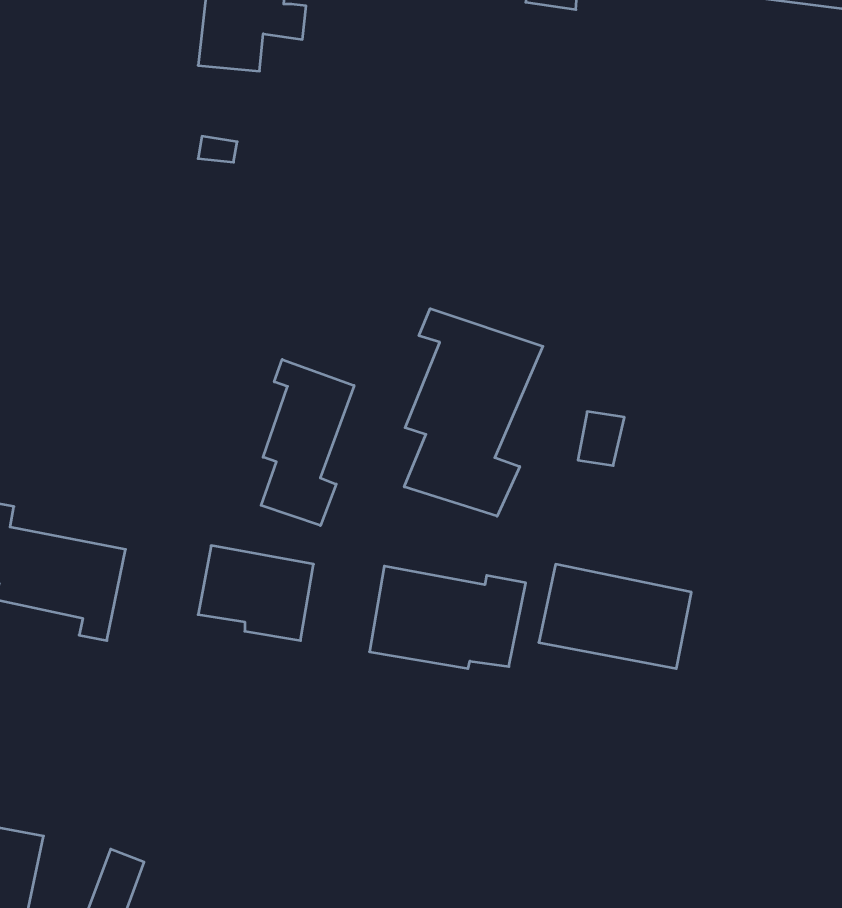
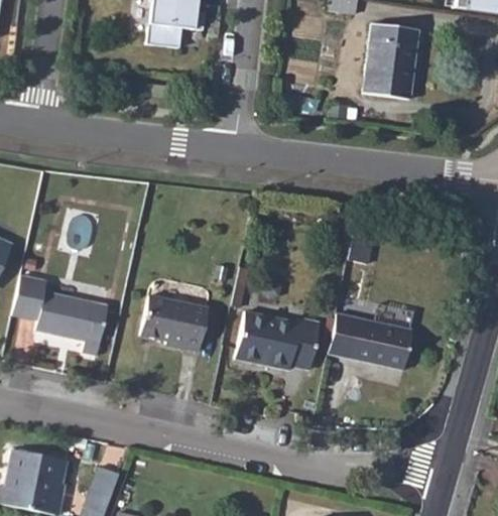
building: none -> [364,23,420,97]
building: [404,309,543,516] -> none
building: [261,359,354,526] -> none

